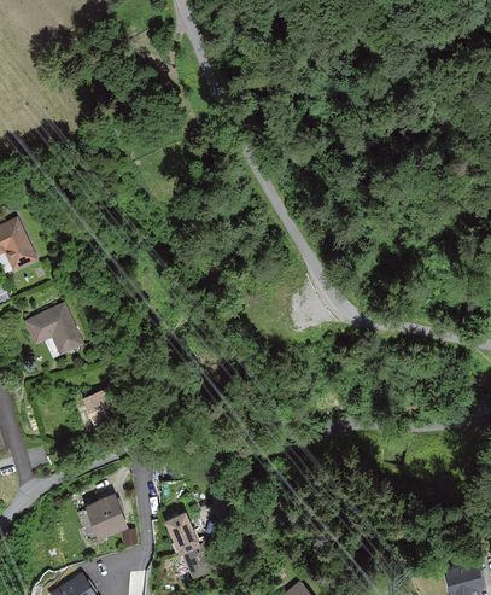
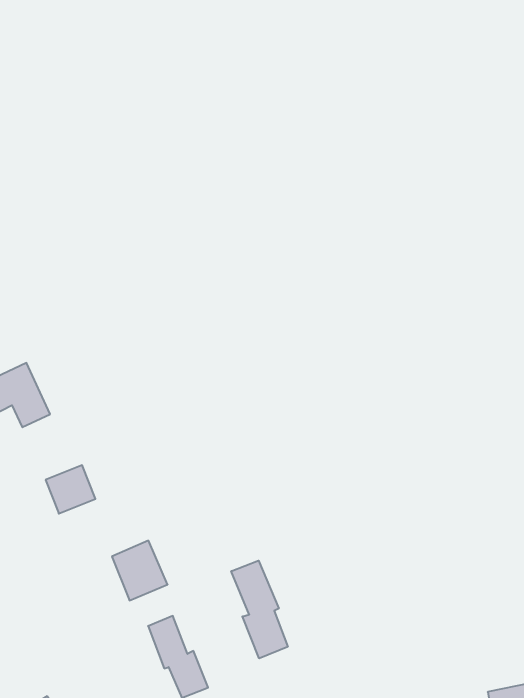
building: none -> [231,561,288,658]
building: [83,491,129,541] -> [112,541,168,600]

